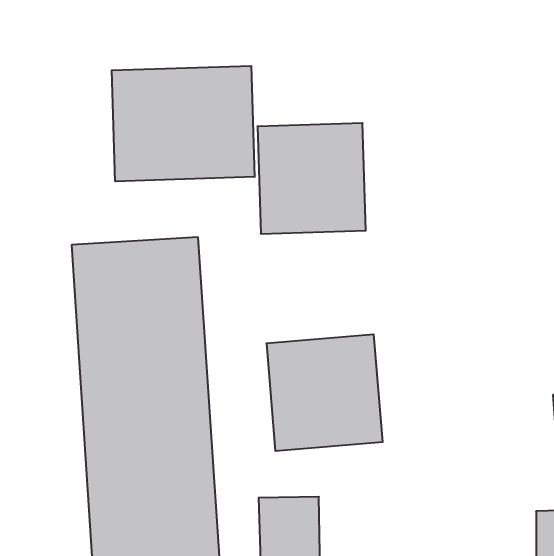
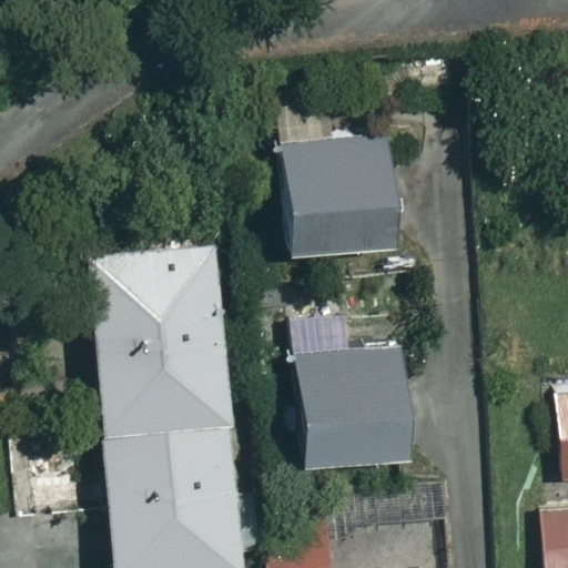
building: [112,66,255,181] -> none

